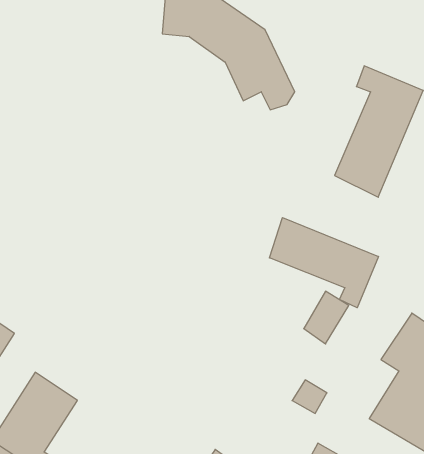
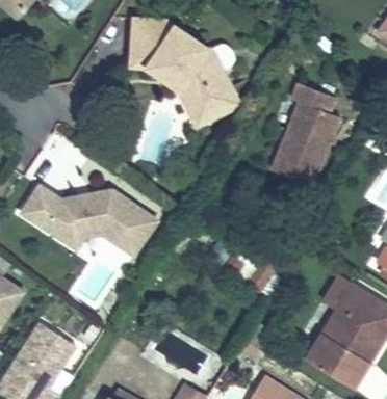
building: none -> [134,47,223,115]
building: none -> [12,183,149,248]
building: [269,218,378,308] -> none

